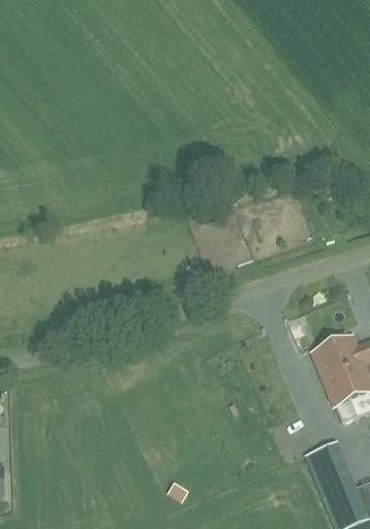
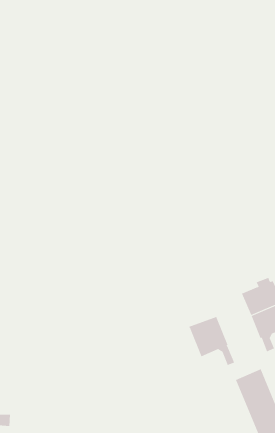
building: none -> [188,316,235,366]

